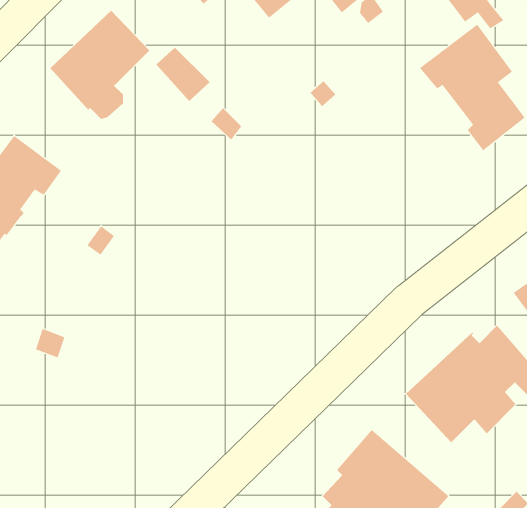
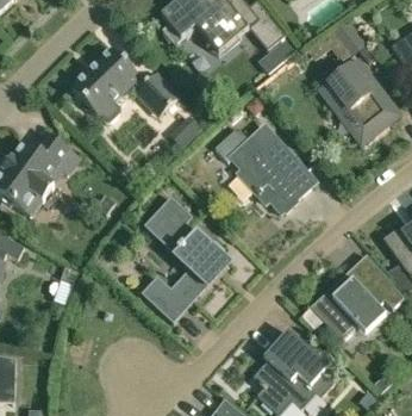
building: none -> [216,125,316,212]
building: none -> [142,195,229,316]

